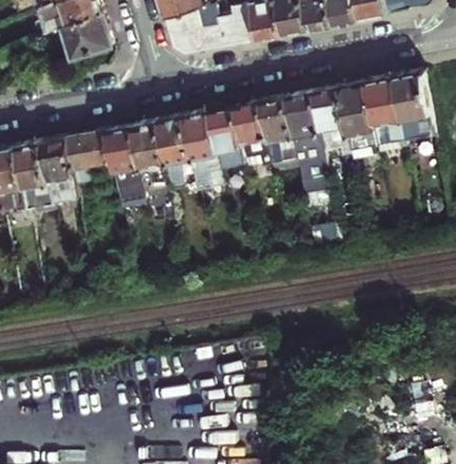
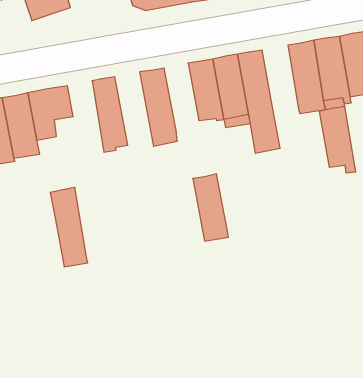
building: [308,85,347,154] -> [319,107,356,173]
building: [206,103,243,173] -> [193,174,228,241]
building: [155,112,194,189] -> none
building: [105,122,144,204] -> [50,188,88,267]

